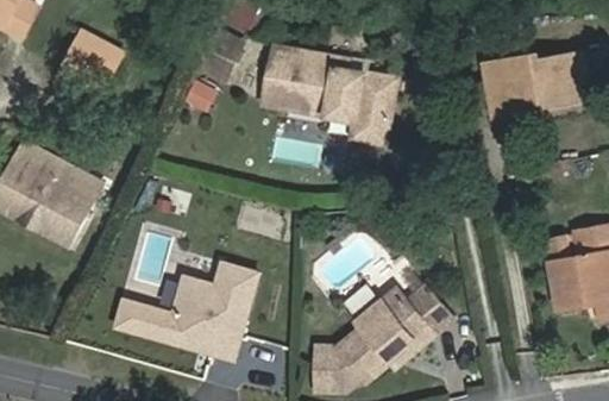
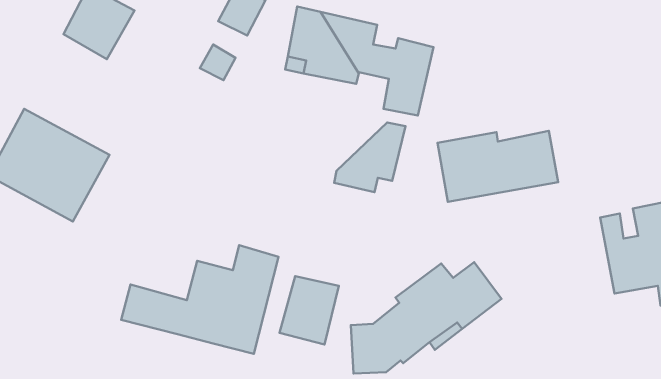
building: [483,50,592,114] -> [437,131,558,202]
building: none -> [334,122,406,192]
building: none -> [279,276,339,344]

